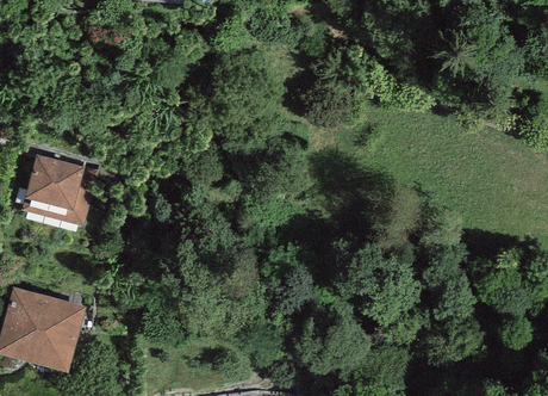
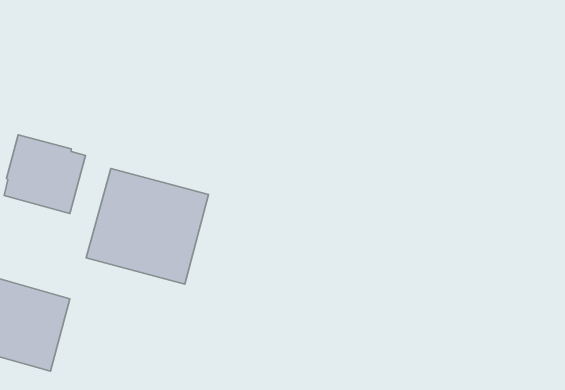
building: none -> [86,169,208,284]

